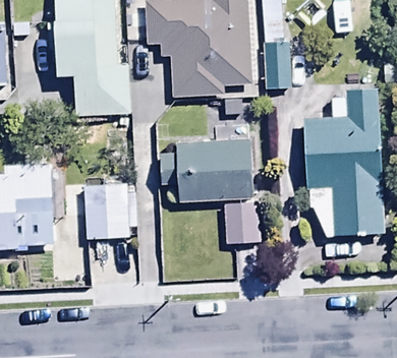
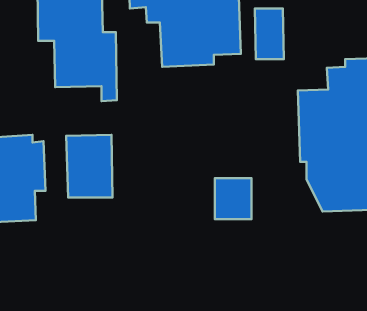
building: [161,138,256,200] -> none

